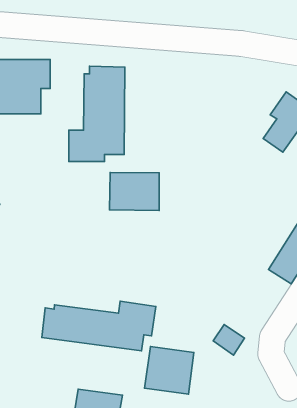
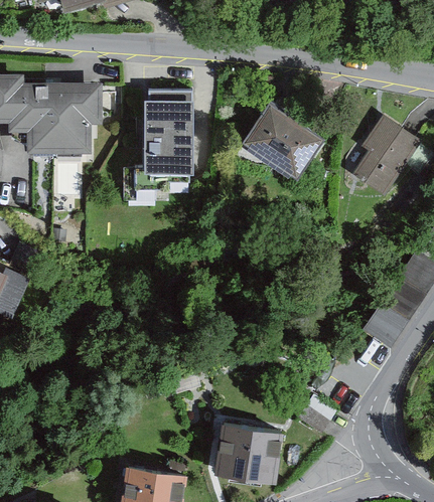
building: none -> [244,106,321,178]
building: [109,173,159,210] -> none
building: [42,301,156,351] -> none

